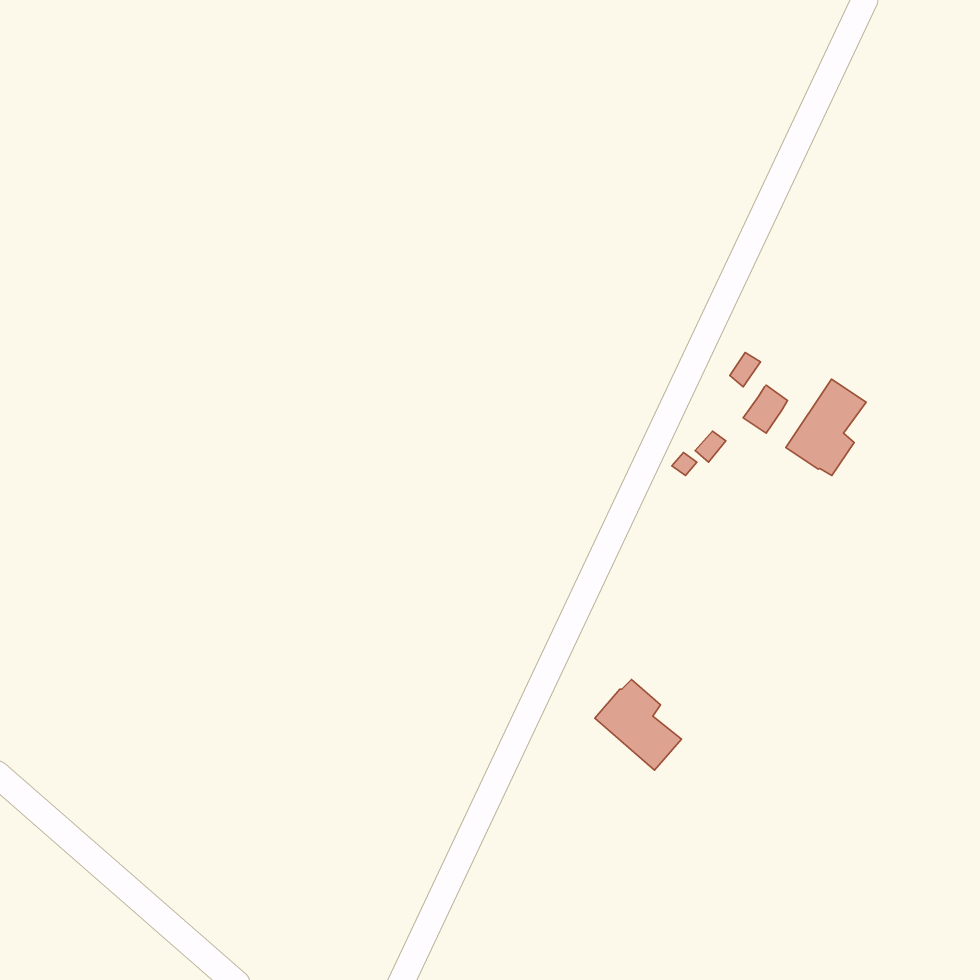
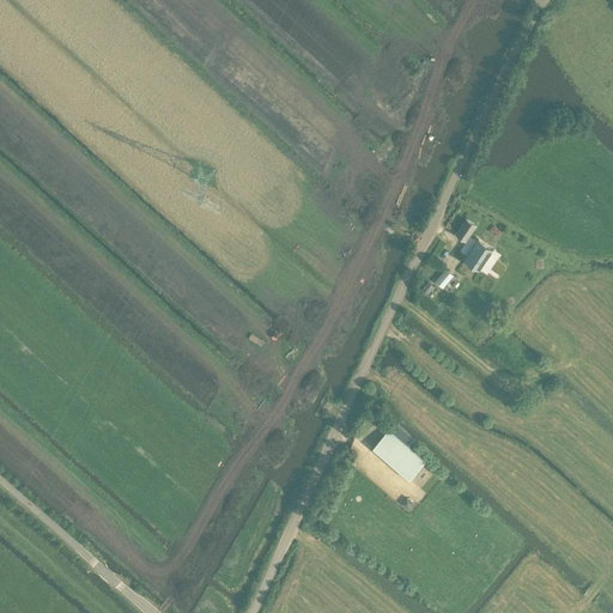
building: [786,379,866,475] -> none

